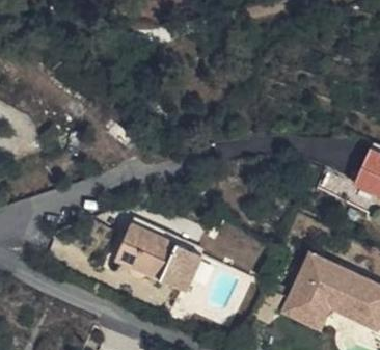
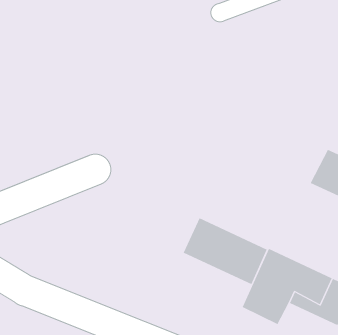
building: [117,222,202,290] -> [183,218,267,285]

